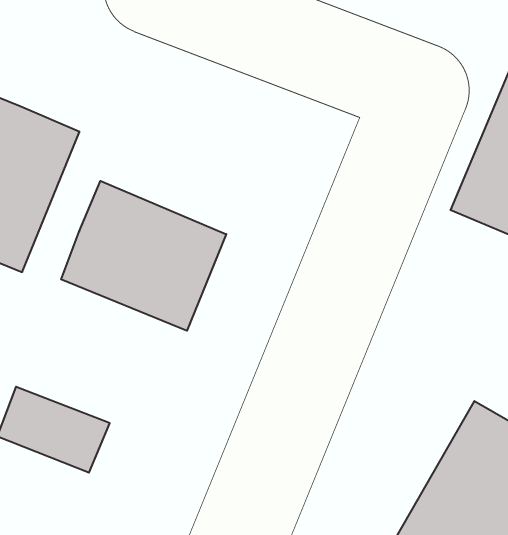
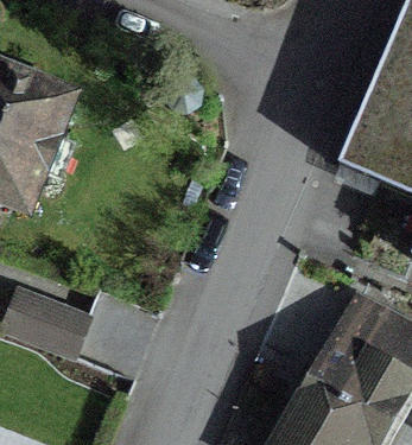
building: [61,181,226,331] -> none

